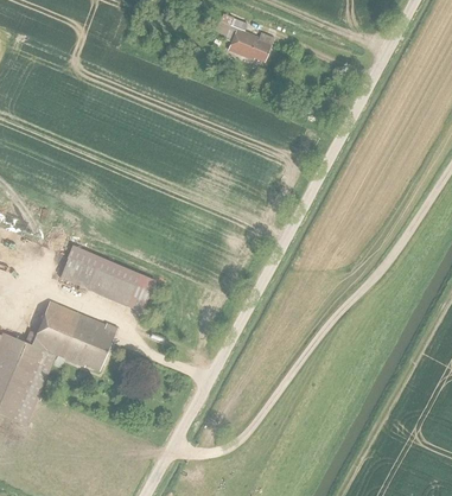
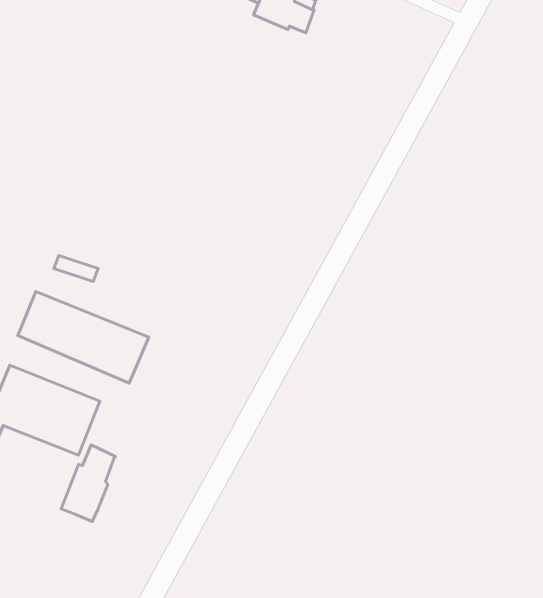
building: none -> [61,445,116,522]

